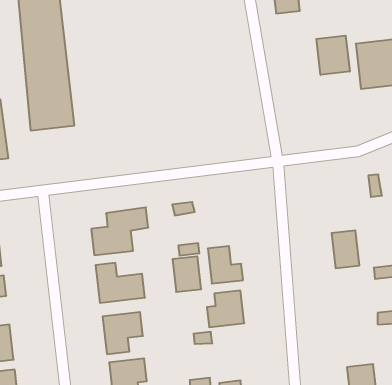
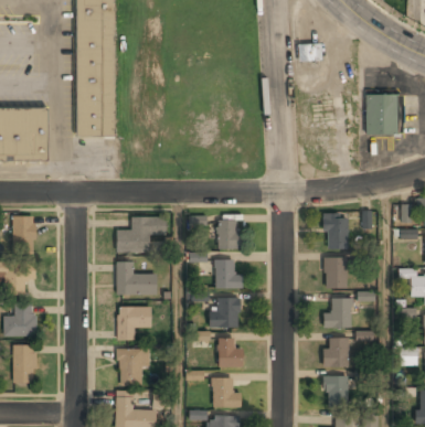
building: [316,36,350,75] -> none
building: none -> [325,213,348,249]
building: [172,256,201,292] -> [217,221,240,249]
building: none -> [323,298,352,328]
building: none -> [323,338,349,367]
building: none -> [220,338,241,367]

